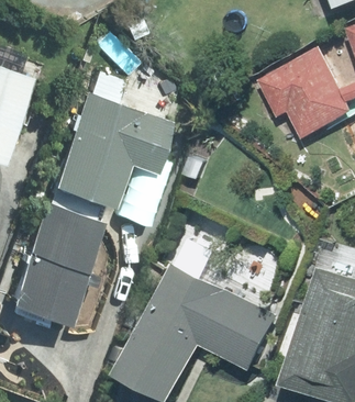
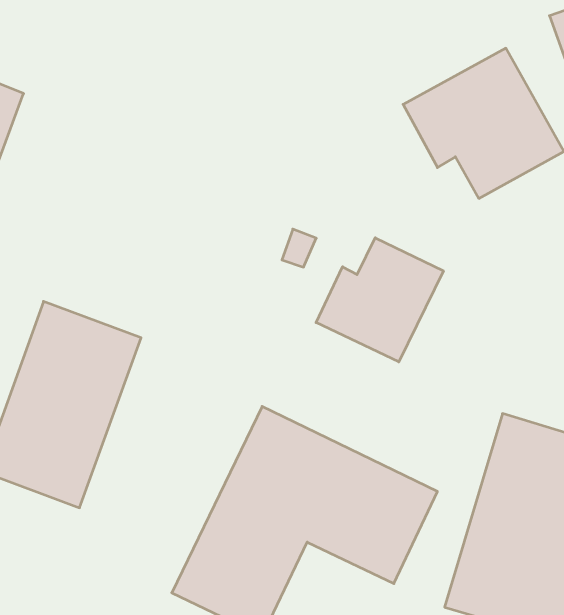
building: [41,89,160,203] -> none
building: none -> [316,238,443,362]

